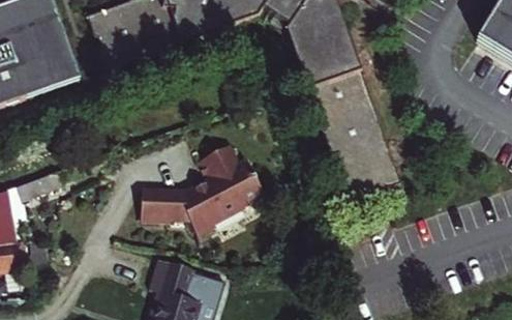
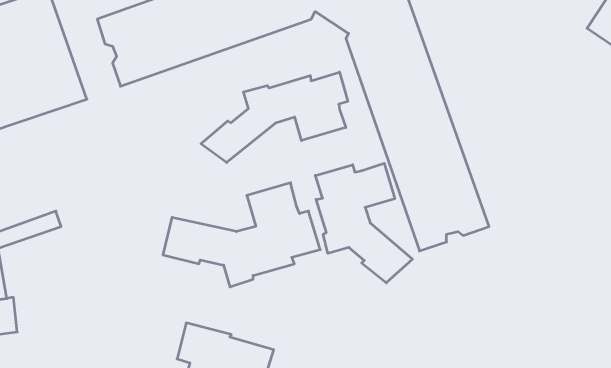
building: none -> [201,72,348,163]
building: none -> [315,163,412,283]

